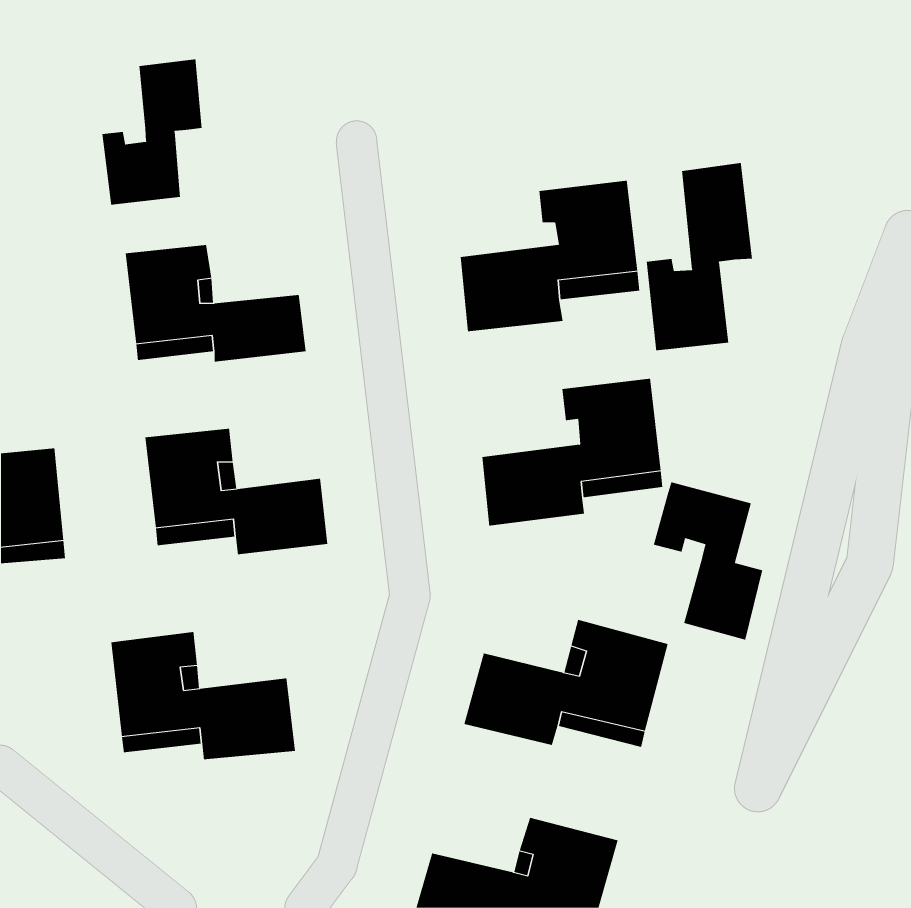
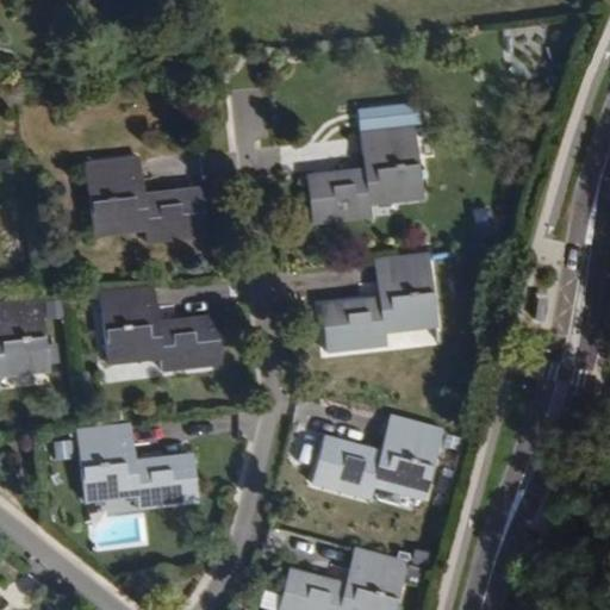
building: [102,58,202,205] -> none
building: [646,162,752,351] -> none
building: [653,481,763,641] -> none

